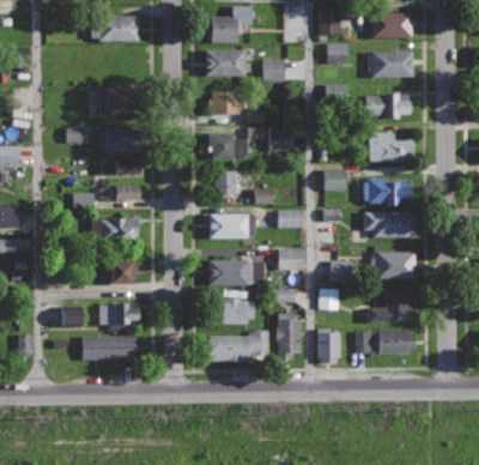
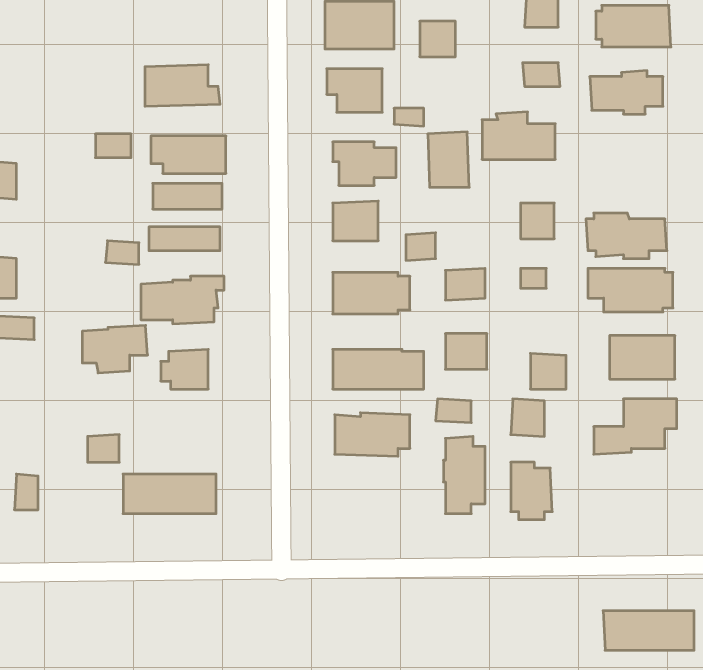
building: [369,132,413,161] -> [482,112,555,159]
building: [101,302,140,331] -> [82,325,148,373]
building: [356,328,411,352] -> [603,611,694,650]
building: [208,331,271,362] -> none

